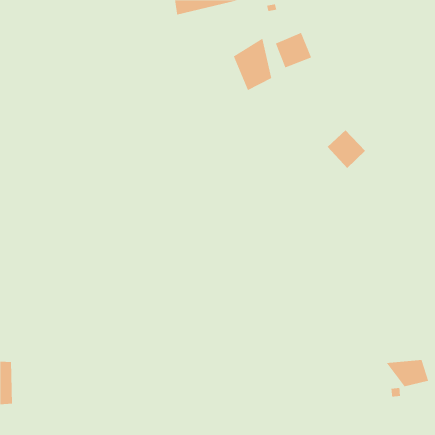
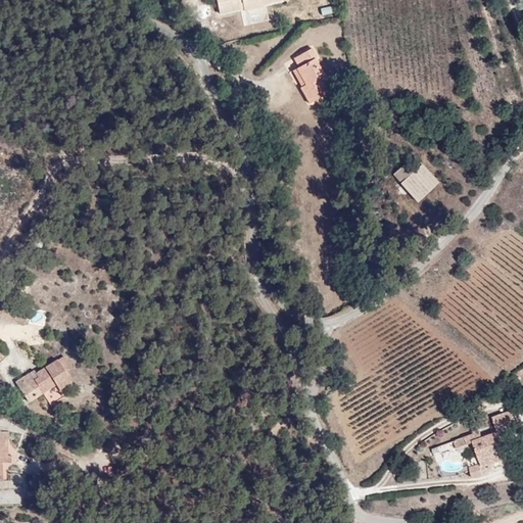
building: [275,32,312,69] -> none
building: none -> [21,353,79,402]

